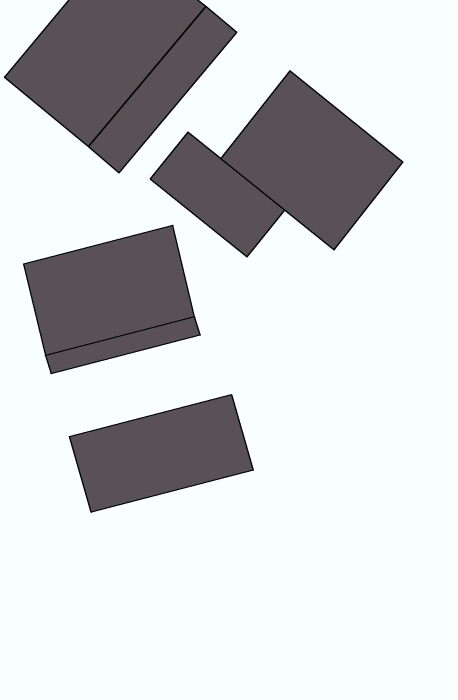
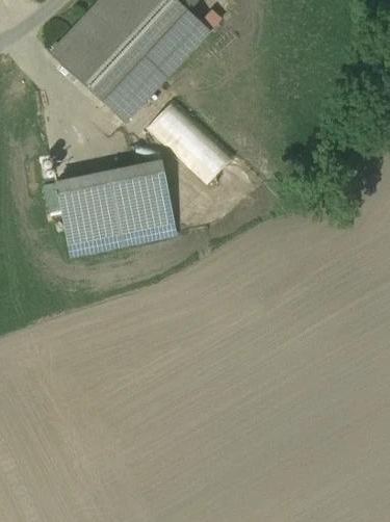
building: [221,71,403,250] -> none
building: [70,395,253,512] -> none

